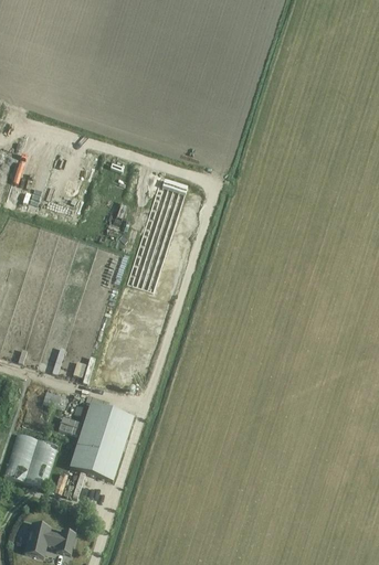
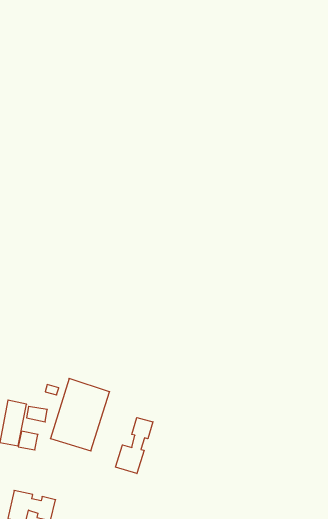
building: none -> [116,418,153,474]

